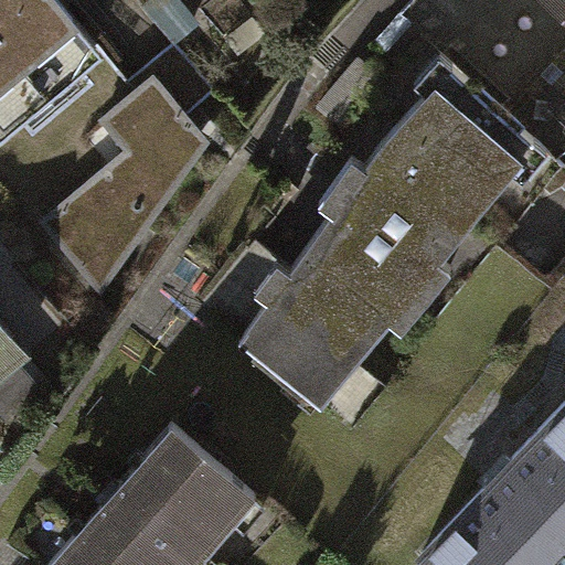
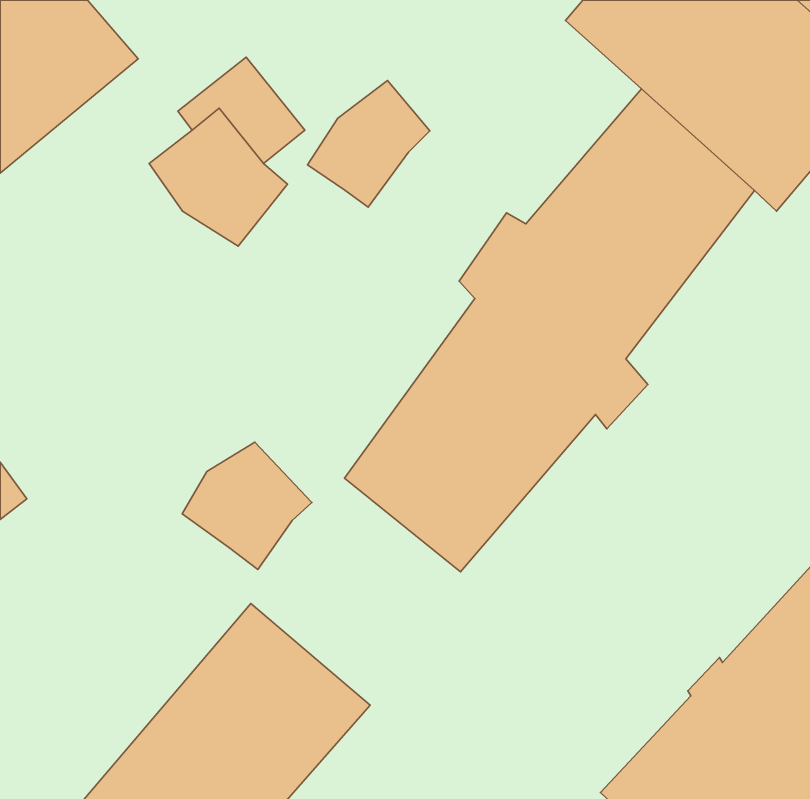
building: none -> [308,80,430,207]
building: [42,156,167,284] -> none
building: none -> [182,442,312,569]

